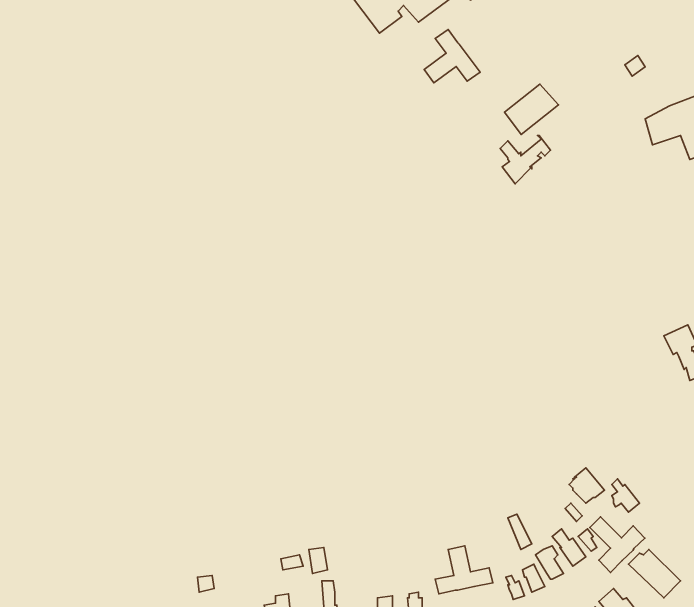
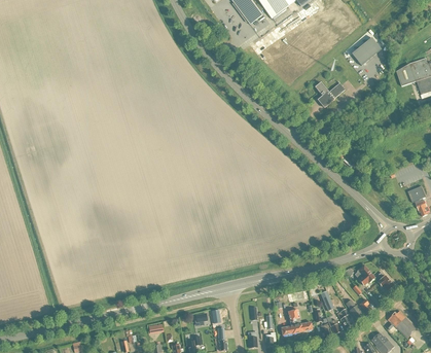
building: [424,30,480,83] -> none
building: [504,84,558,134] -> [352,37,382,65]
building: [590,517,645,573] -> none

